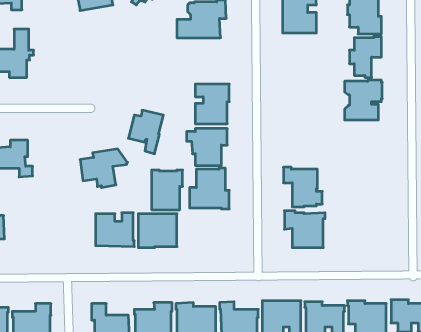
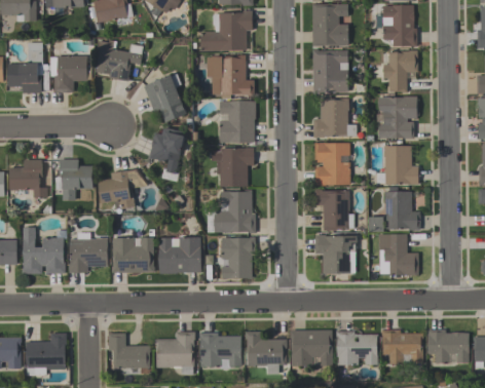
building: none -> [96,40,143,82]
building: none -> [312,50,348,94]
building: none -> [207,54,254,98]
building: none -> [50,56,91,93]
building: none -> [144,76,187,123]
building: none -> [313,99,356,138]
building: none -> [314,143,349,186]
building: none -> [383,146,418,185]
building: none -> [60,160,92,201]
building: [152,170,183,210] -> [222,237,255,279]
building: none -> [385,192,420,231]
building: none -> [22,228,65,274]
building: none -> [69,232,108,274]
building: none -> [379,235,418,276]

